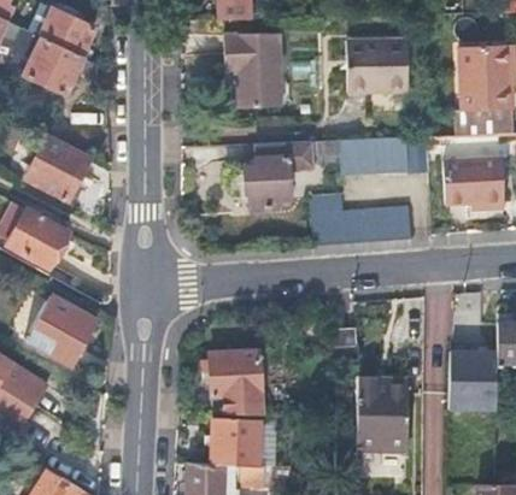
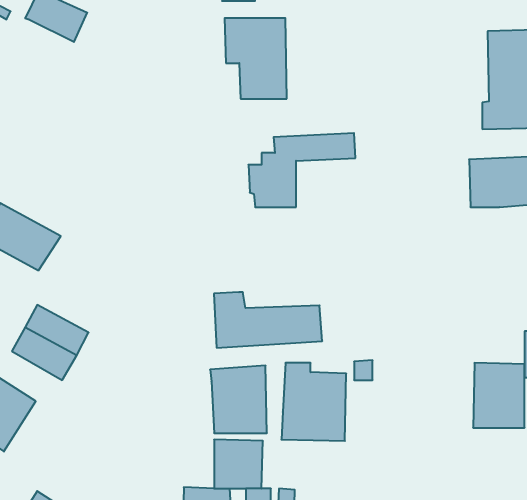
building: [27,36,84,94] -> none
building: [344,41,404,94] -> none
building: [28,135,94,200] -> none
building: [340,136,428,175] -> none
building: [310,198,409,248] -> [214,292,322,348]
building: [353,370,412,441] -> [281,363,346,441]

